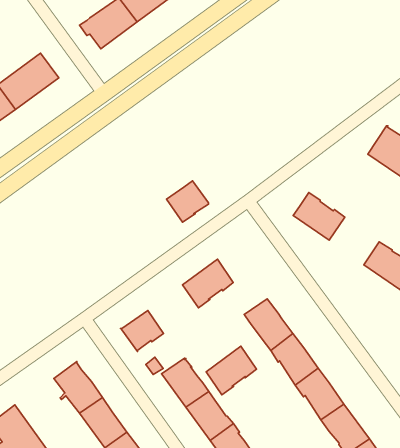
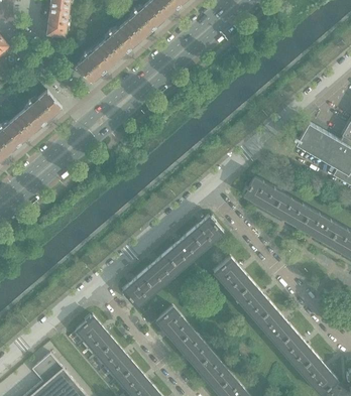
building: [167,181,208,222] -> [191,218,222,249]
building: none -> [272,193,310,228]
building: [206,346,257,395] -> [142,254,180,291]

